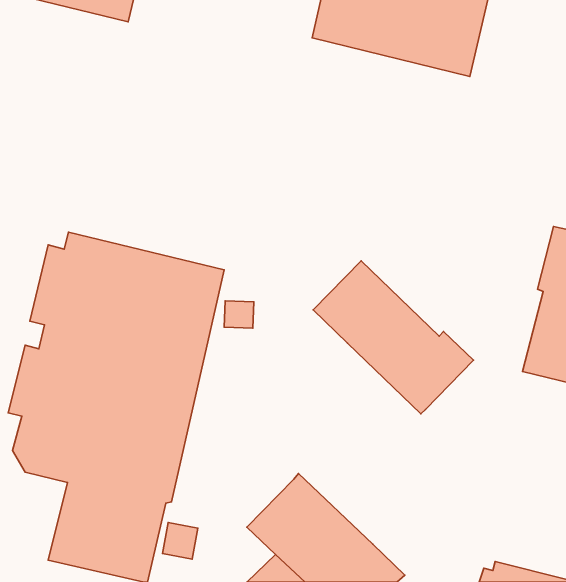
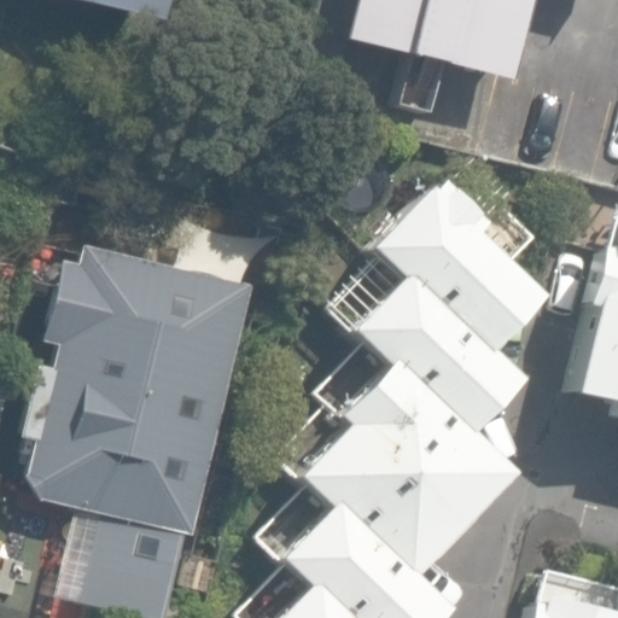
building: none -> [373,181,540,355]
building: none -> [296,362,512,575]

